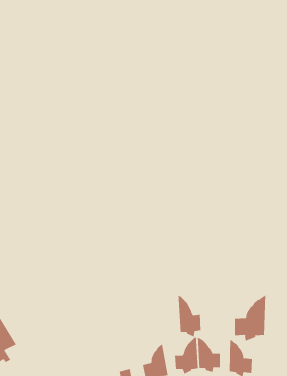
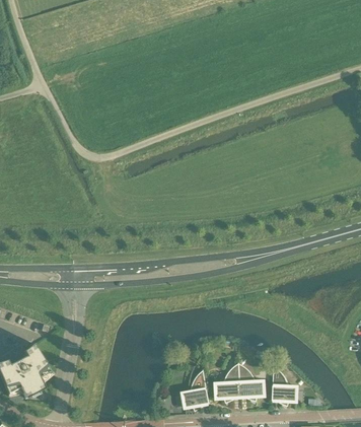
building: [178,294,201,338] -> none
building: [234,294,266,342] -> none

